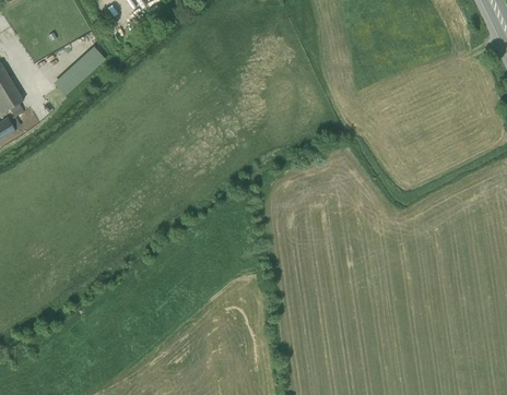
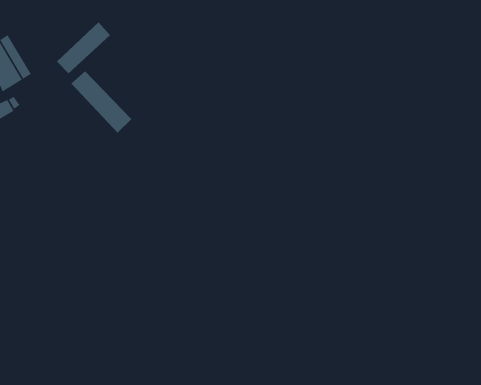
building: none -> [71,71,132,133]

